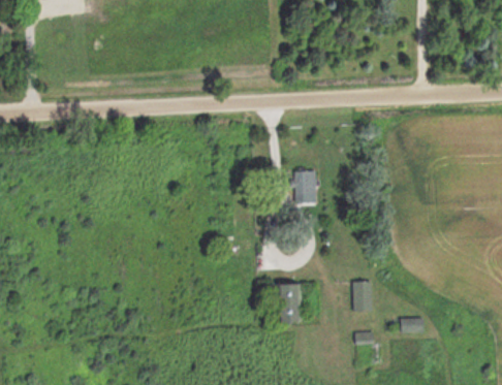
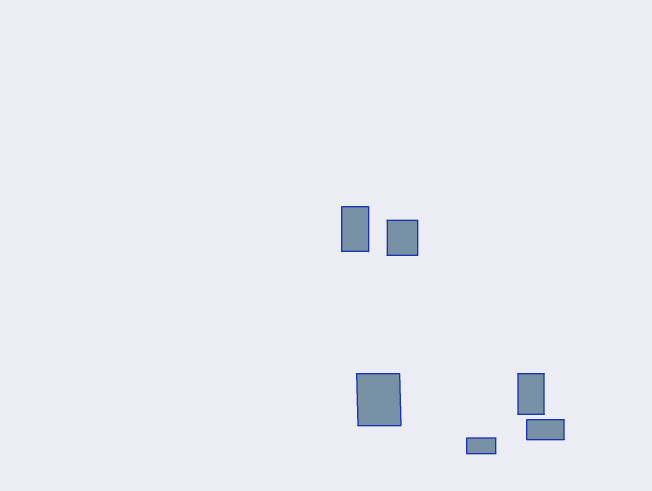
building: none -> [342,207,368,252]
building: [352,282,372,312] -> [518,374,544,414]

